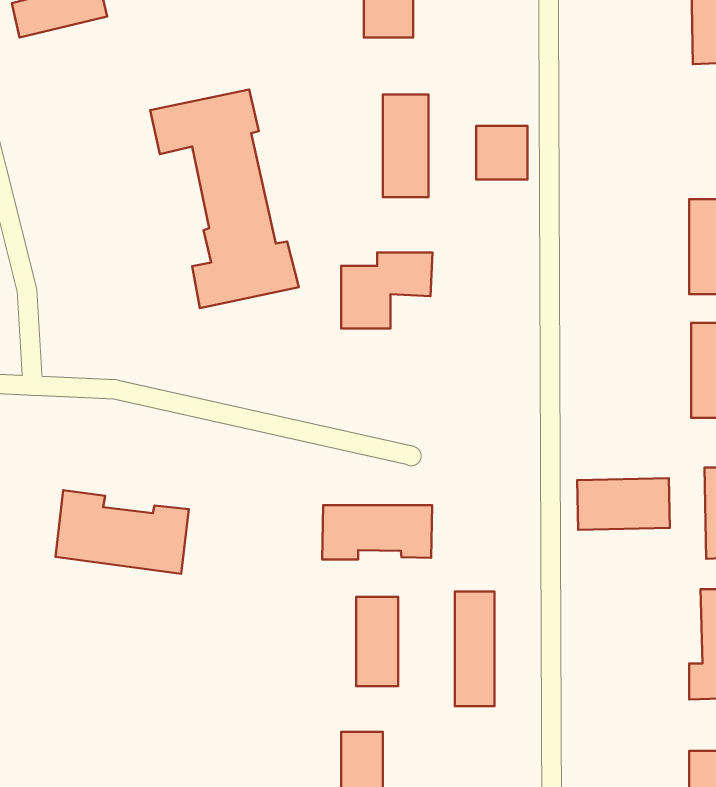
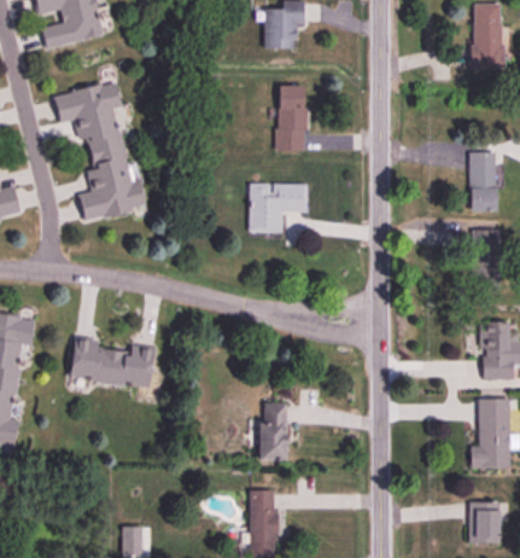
building: [150,89,299,308] -> [52,81,146,220]
building: [476,126,527,180] -> none
building: [577,478,670,530] -> none
building: [322,505,432,560] -> none
building: [455,592,494,706] -> none

